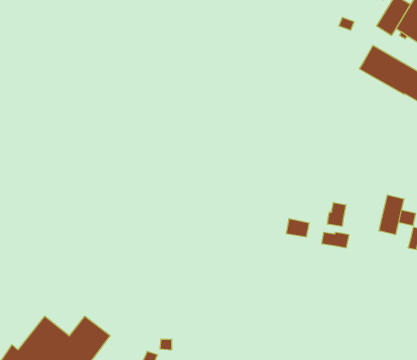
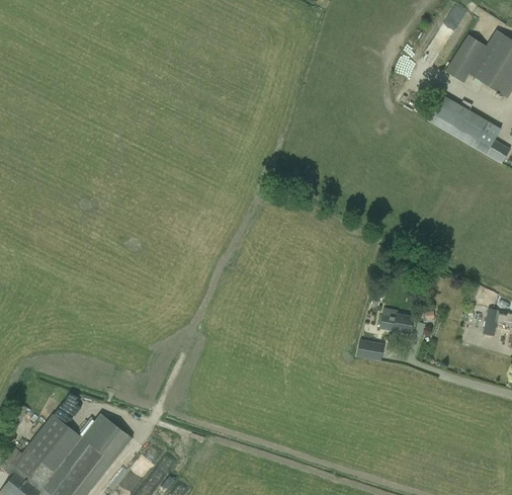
building: [379,195,404,235] -> none
building: [328,202,346,226] -> none
building: [286,219,309,237] -> [357,339,385,360]

